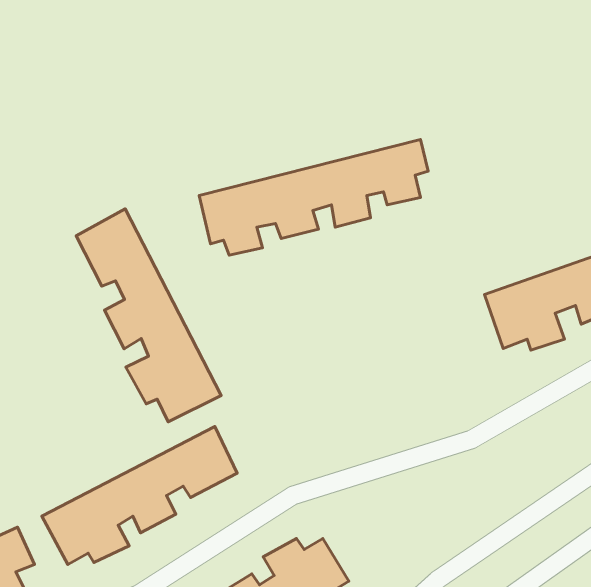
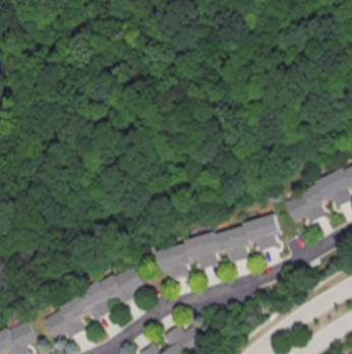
building: [199,140,428,255] -> [155,216,280,279]
building: [76,209,221,422] -> none

